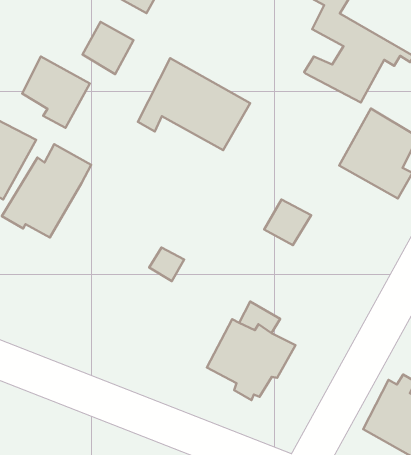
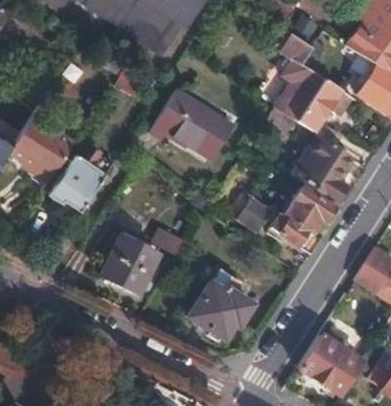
building: [22,56,90,128] -> none
building: none -> [272,187,333,254]
building: none -> [101,233,162,293]

